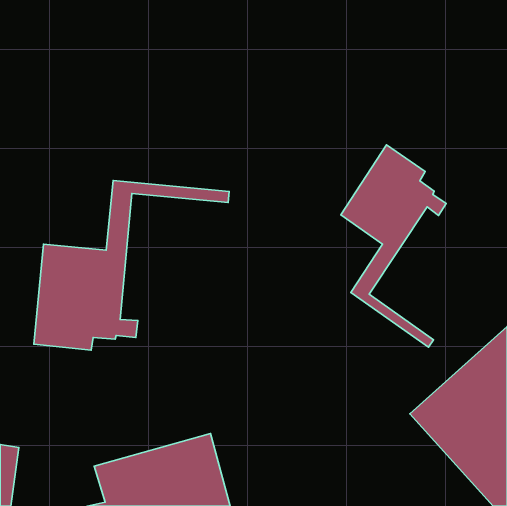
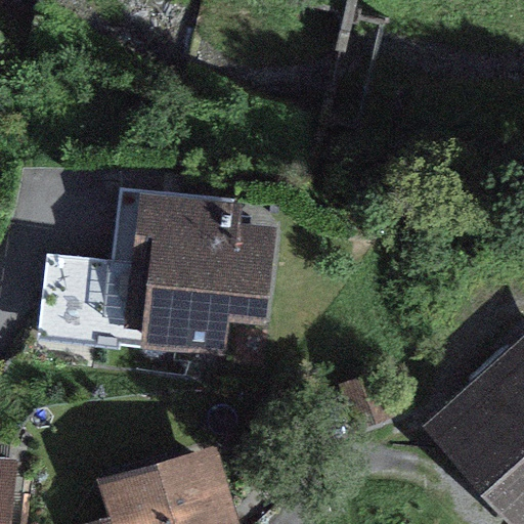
building: [341,145,446,347] -> none
building: none -> [124,200,275,360]

